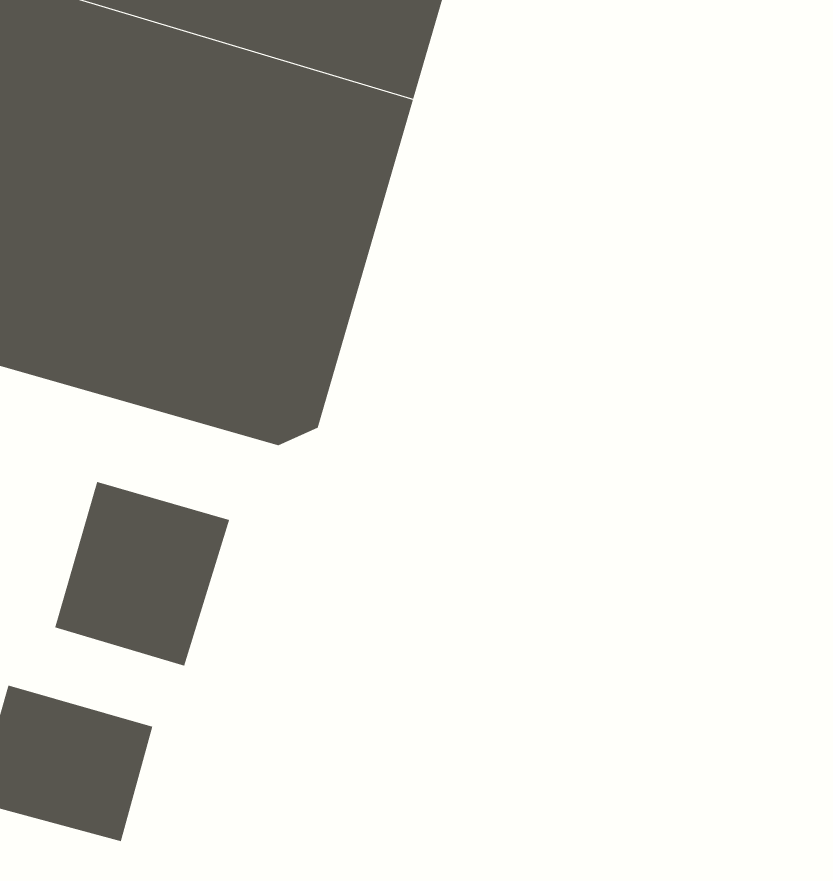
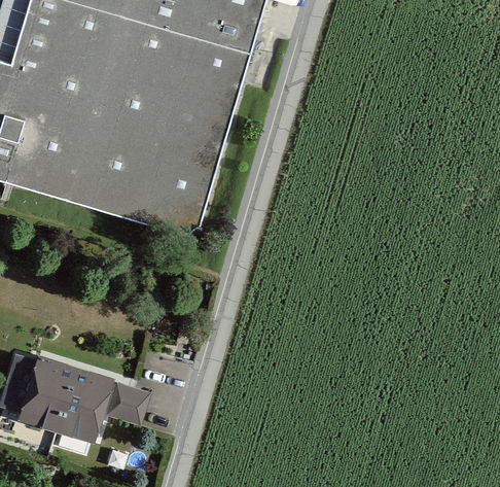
building: [55,481,230,667] -> none
building: none -> [109,379,146,416]

